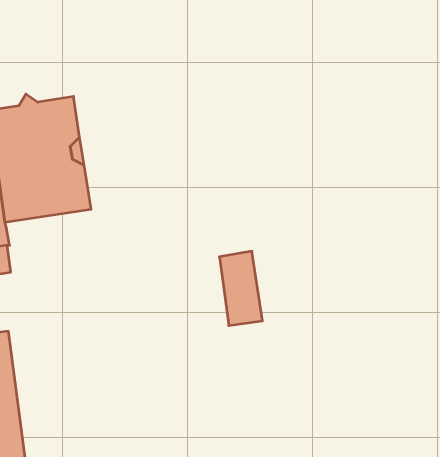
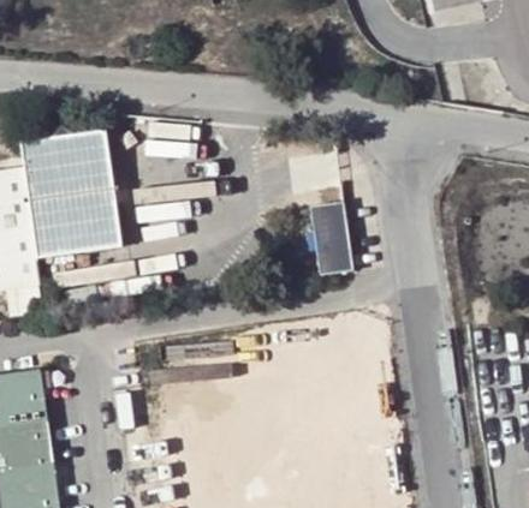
building: [219,251,262,326] -> [309,202,353,279]

